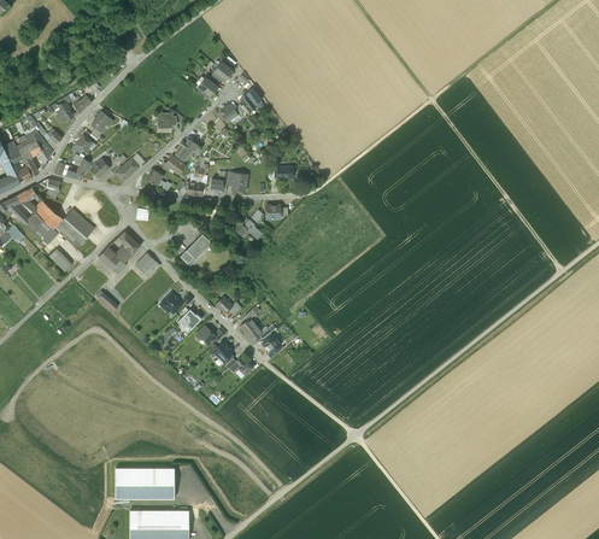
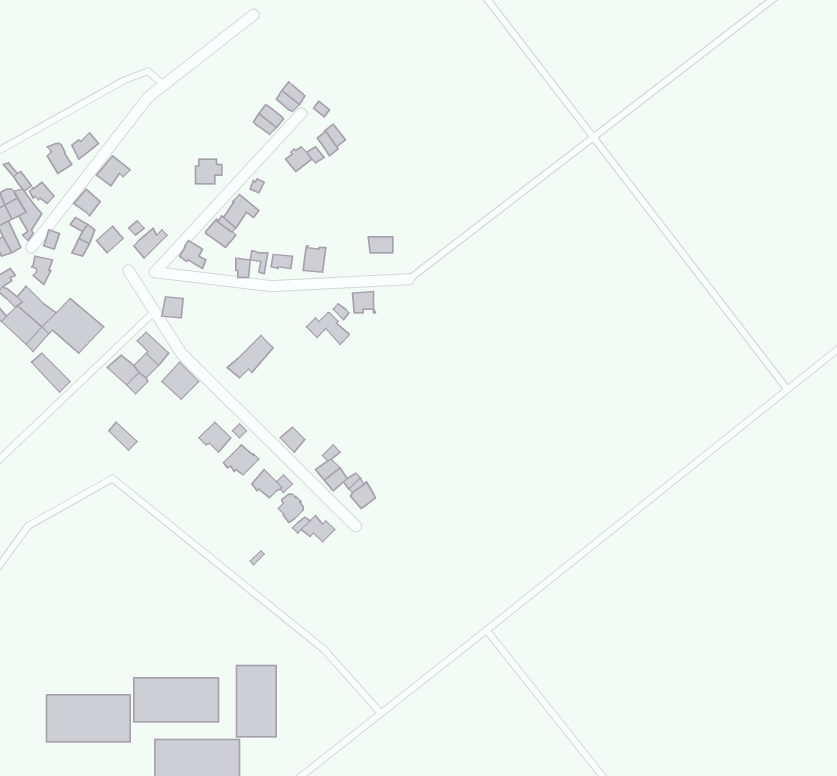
building: none -> [237,665,276,737]
building: none -> [46,695,130,742]

